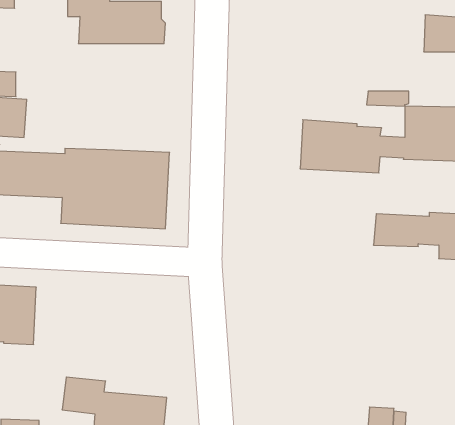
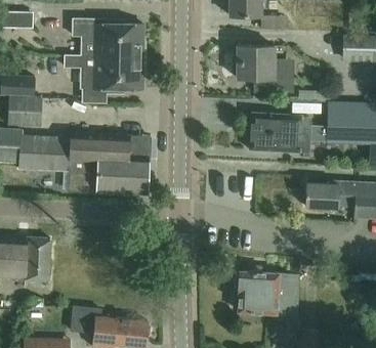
building: none -> [237,45,295,93]
building: none -> [65,54,145,88]
building: none -> [238,271,298,314]

